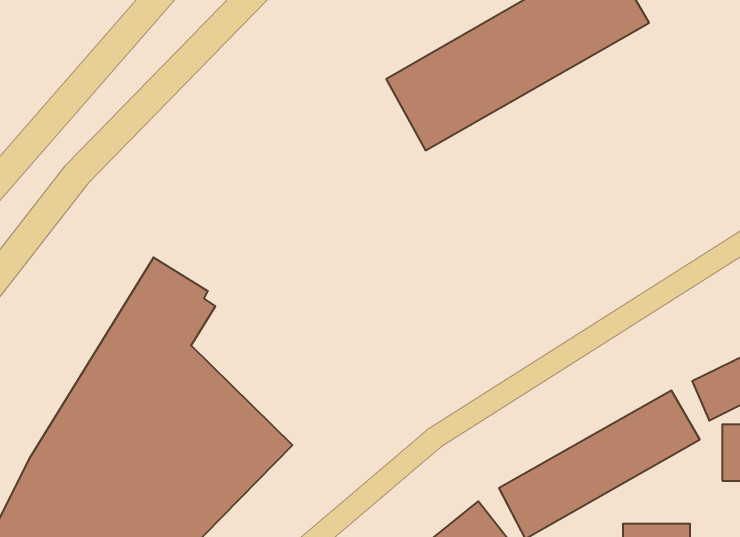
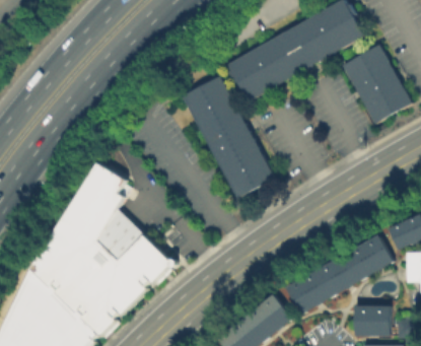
building: none -> [340,44,411,125]
building: none -> [181,74,276,200]

